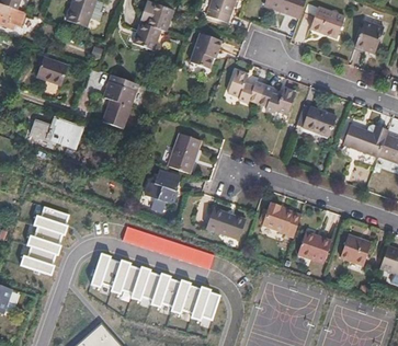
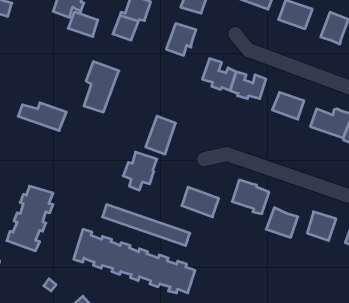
building: [35,58,67,84] -> [68,12,98,37]

